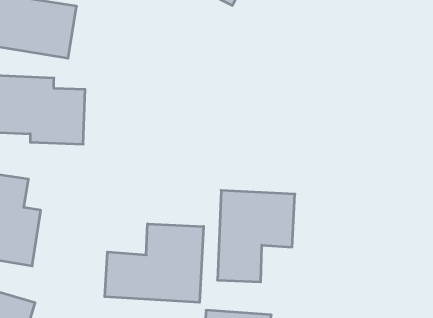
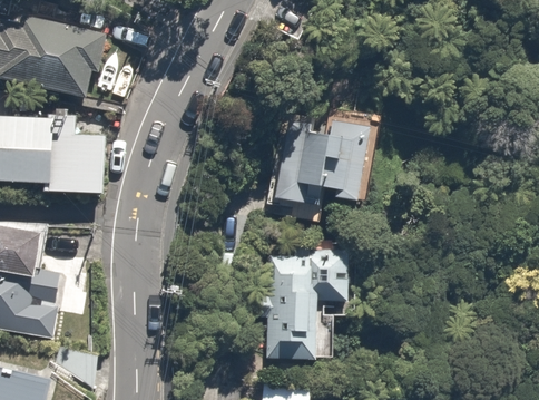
building: none -> [268,133,351,205]
building: [105,224,204,302] -> none

